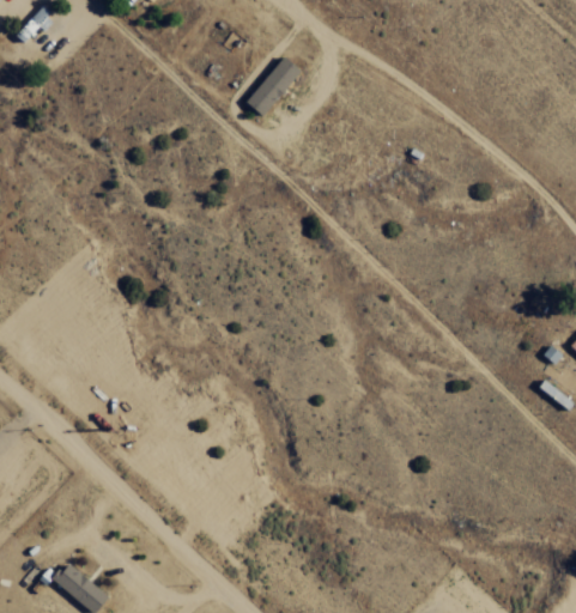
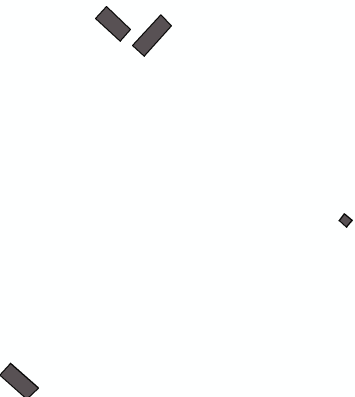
building: none -> [96,7,130,41]

